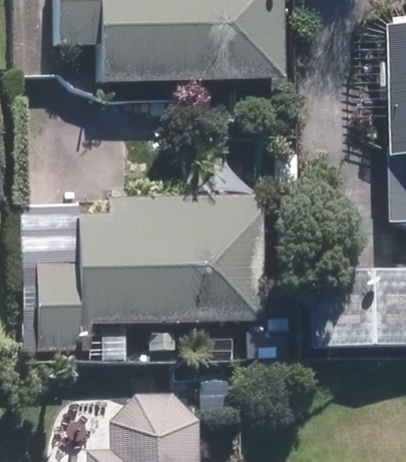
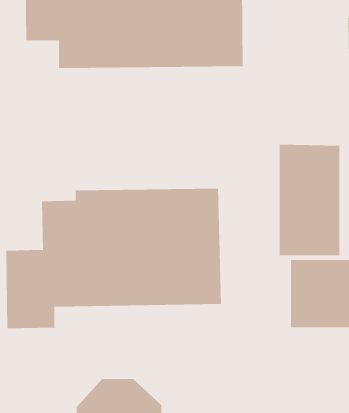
building: none -> [279,144,340,256]

